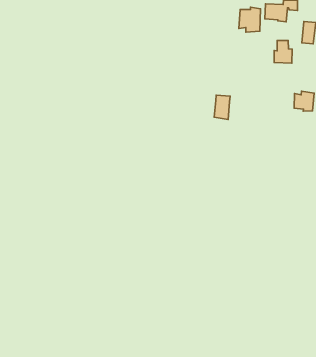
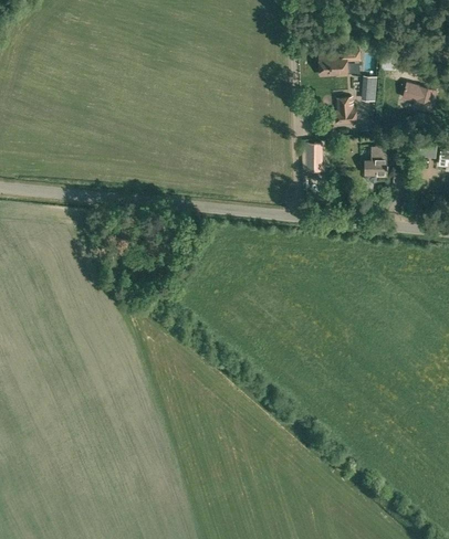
building: [239,7,260,32] -> none
building: [214,95,230,119] -> [305,141,322,169]

